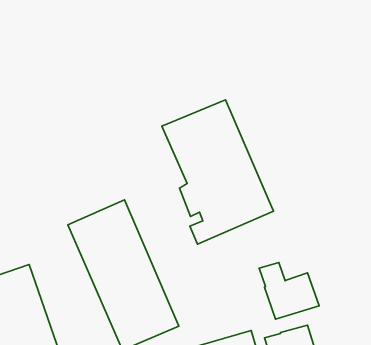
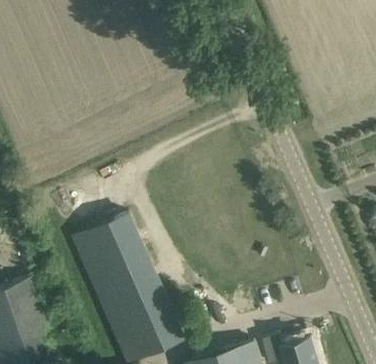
building: [162,100,273,244] -> none
building: [259,262,319,319] -> none

